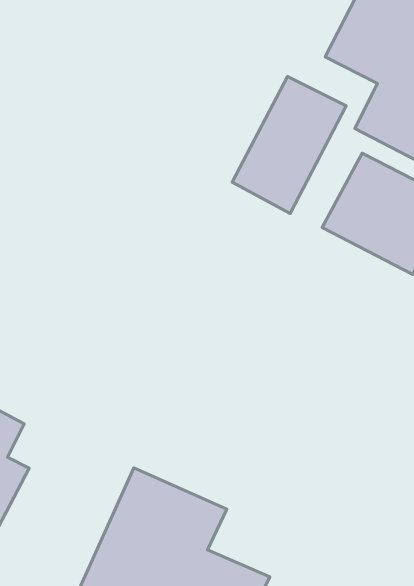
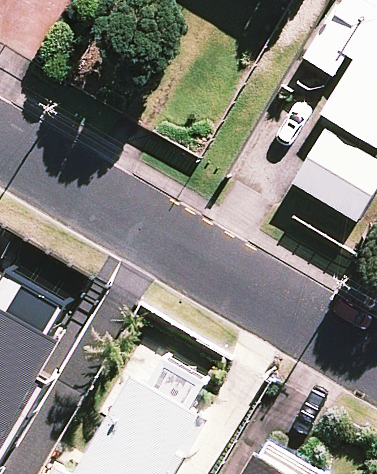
building: [232,77,346,214] -> none

